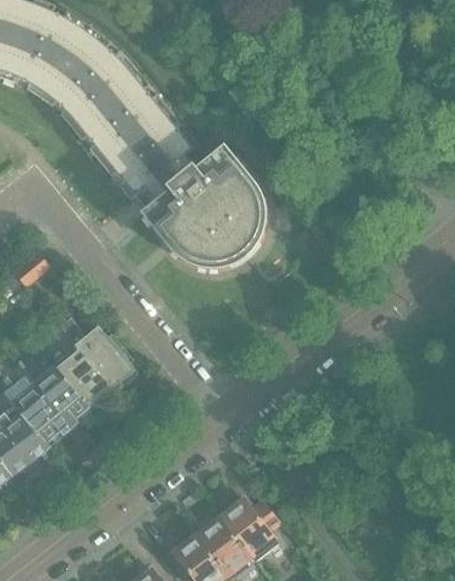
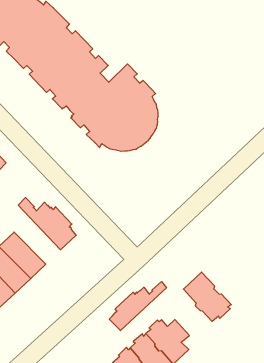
building: [45,321,112,411] -> none
building: none -> [183,272,231,321]
building: none -> [109,282,167,331]

